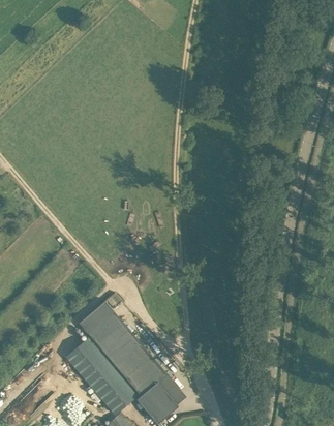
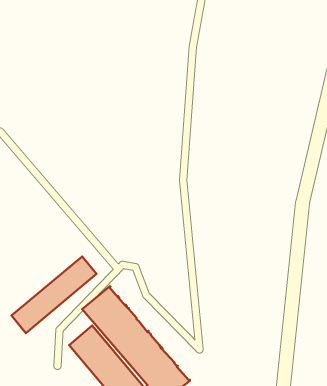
building: none -> [11,256,96,333]

